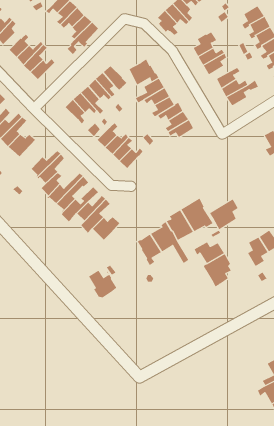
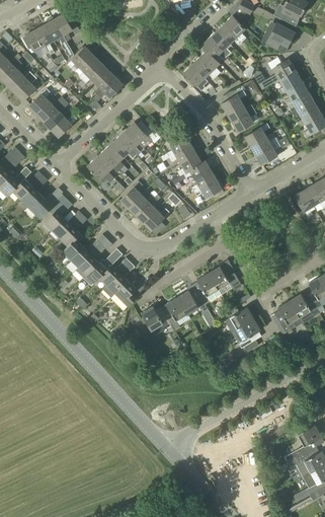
building: [129,59,159,85] -> none
building: none -> [39,200,73,230]
building: [209,199,238,230] -> none
building: [88,270,117,298] -> [142,305,172,335]

